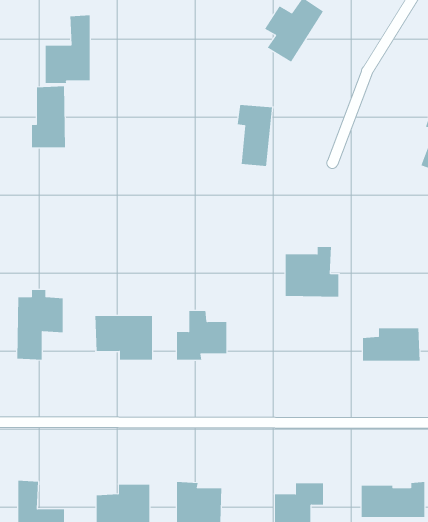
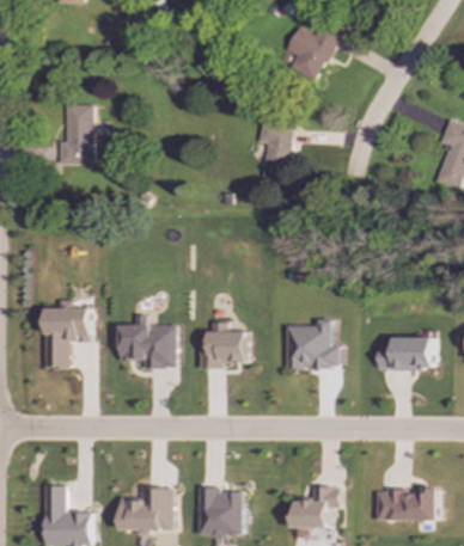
building: [45,15,90,84] -> none
building: [285,246,339,297] -> [286,319,338,368]

